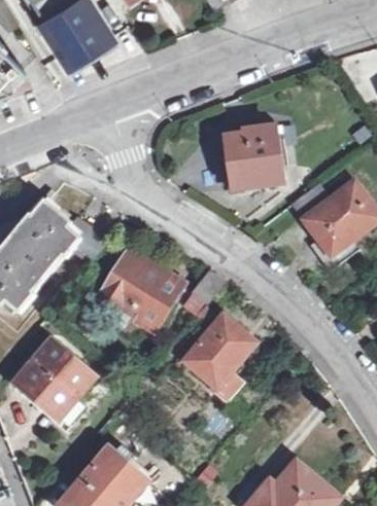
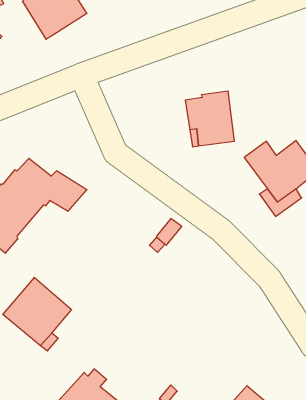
building: [97,250,182,332] -> none
building: [180,313,254,388] -> none

